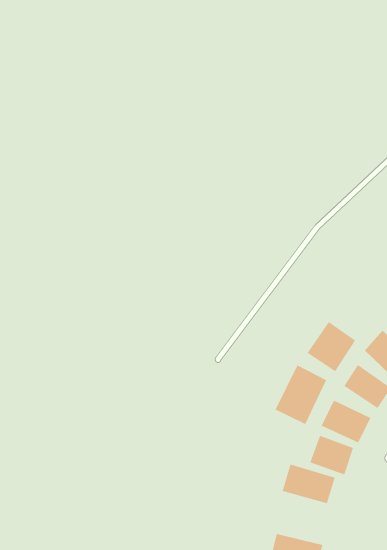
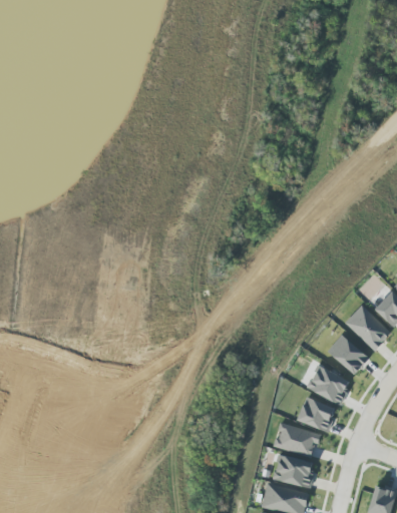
building: [307,321,356,372] -> none
building: [275,364,327,425] -> none
building: none -> [273,455,315,488]

